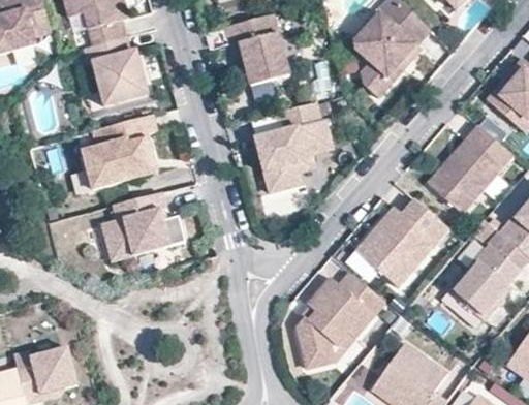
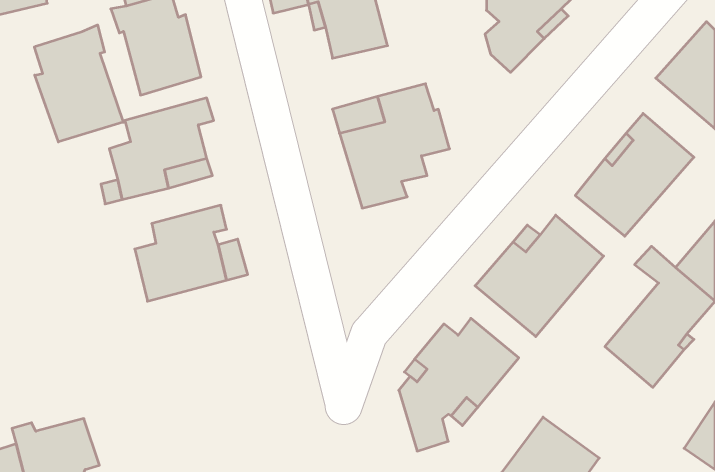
building: none -> [34,25,123,142]

